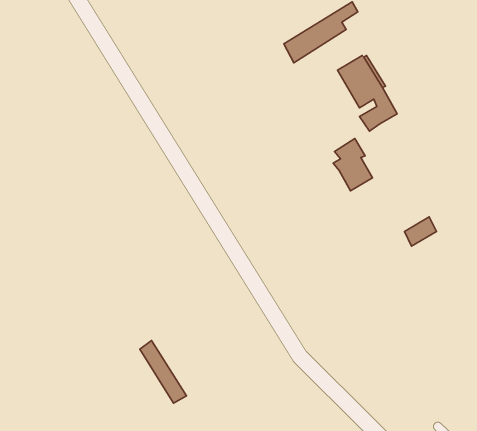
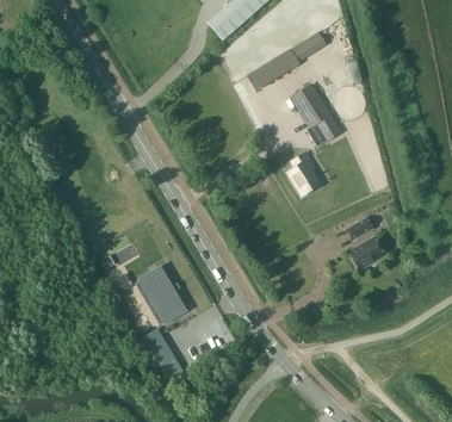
building: none -> [349,236,385,269]
building: none -> [136,267,185,324]

